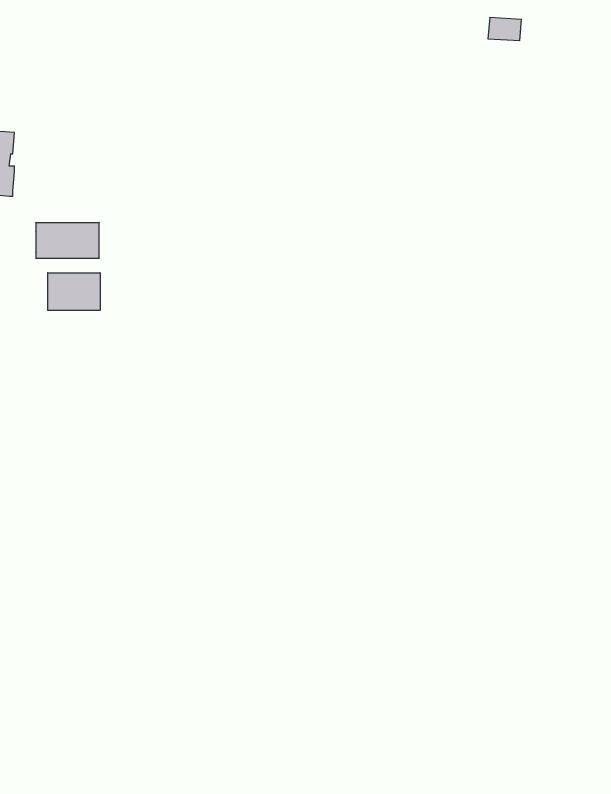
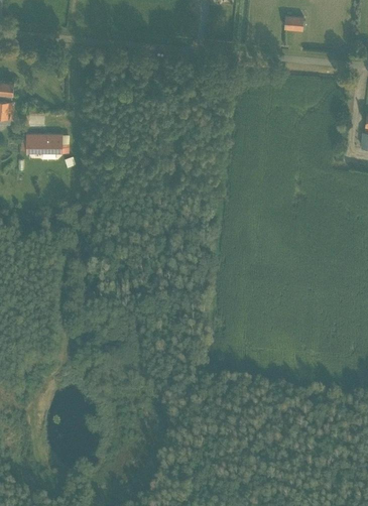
building: [48,273,100,310] -> none

